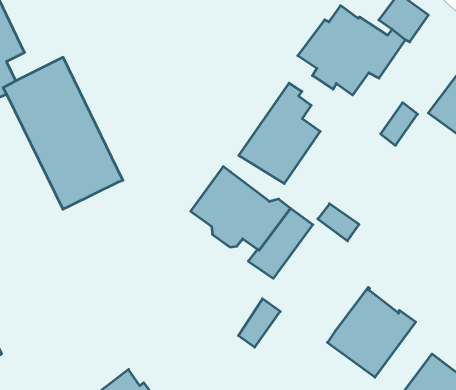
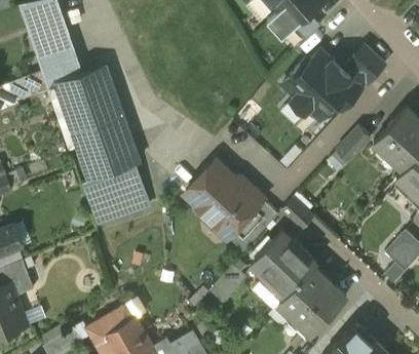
building: [239,83,320,184] -> none
building: none -> [97,164,150,217]
building: none -> [251,231,317,297]

